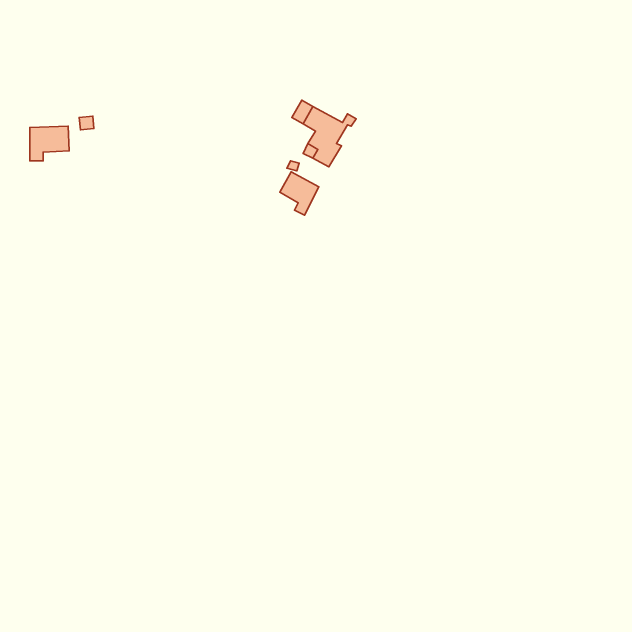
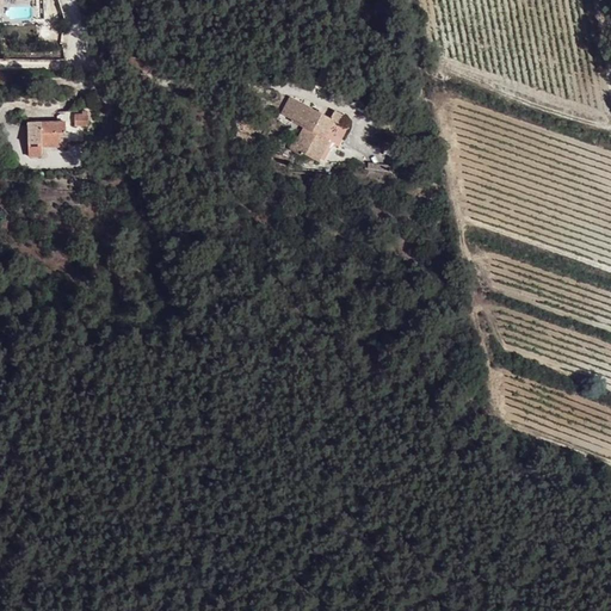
building: [280,172,319,215] -> none

